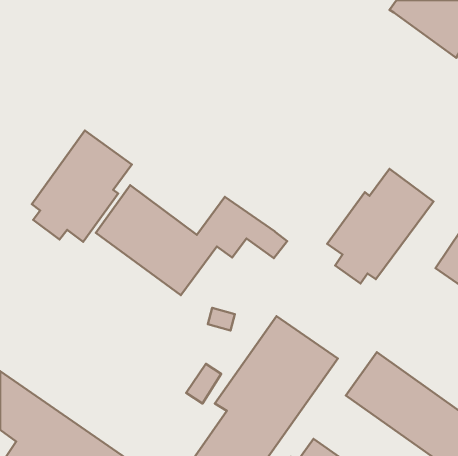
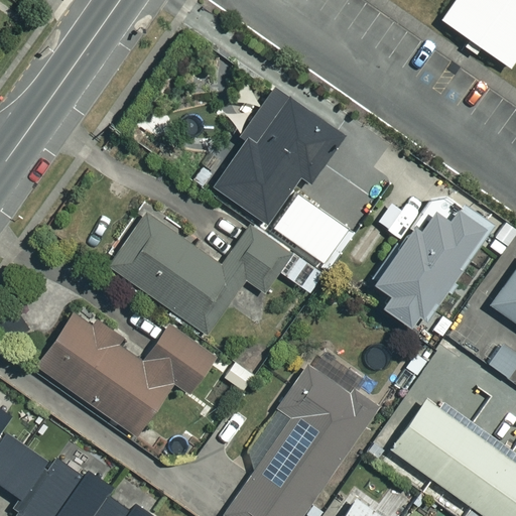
building: none -> [214,97,342,264]
building: [32,130,132,242] -> none
building: none -> [35,306,217,436]

